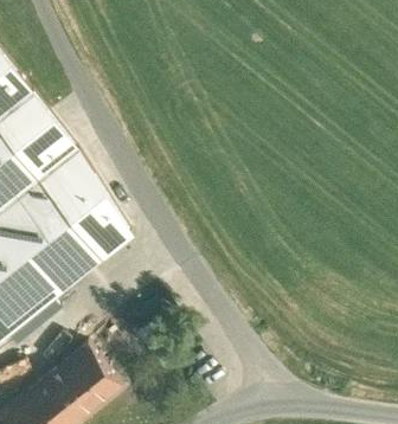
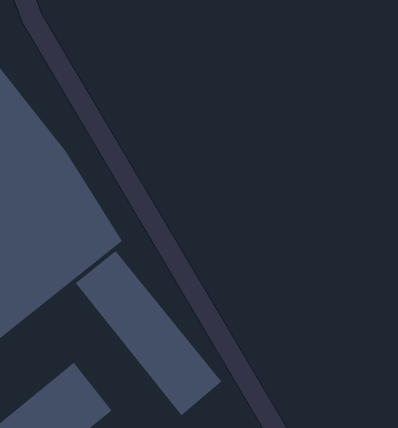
building: none -> [75,250,222,416]

